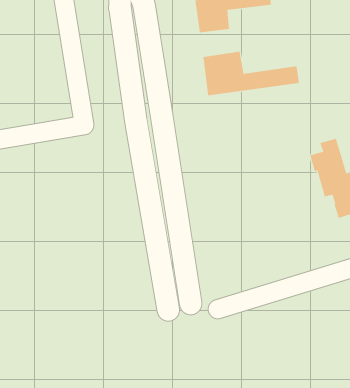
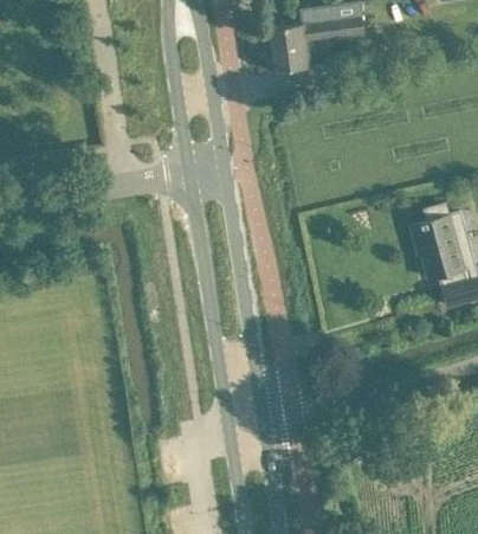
building: [203,51,299,96] -> none

